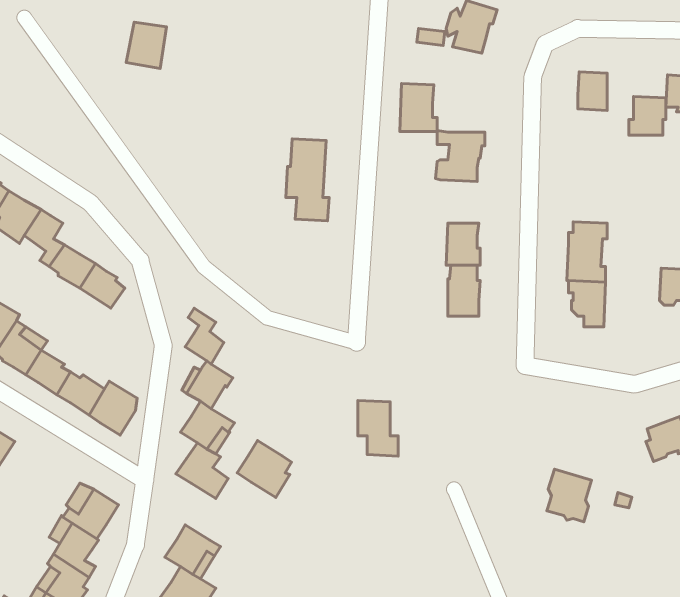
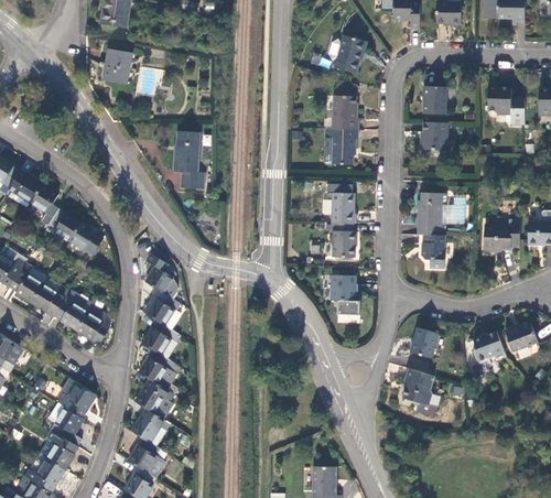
building: [400,83,437,131] -> [332,95,358,129]
building: [629,96,666,135] -> [421,121,447,149]
building: [286,139,329,221] -> [172,132,203,191]
building: [358,400,398,456] -> [332,275,360,315]
building: none -> [409,327,436,358]
building: [237,440,291,498] -> [134,379,173,420]

